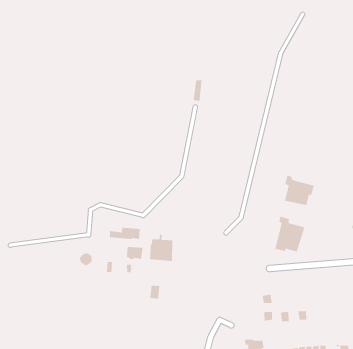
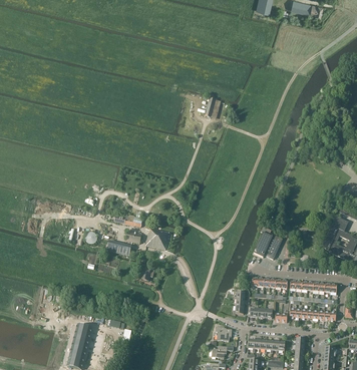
building: [284,175,314,206] -> none

